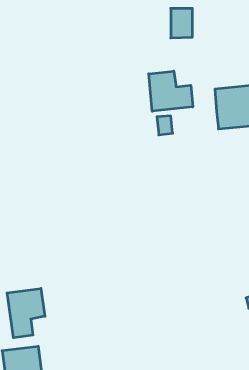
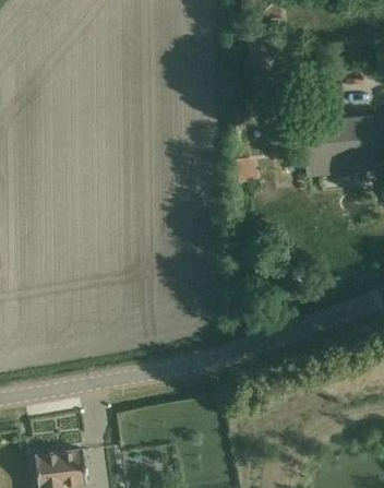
building: [149,71,193,111] -> none
building: [7,288,45,338] -> none

